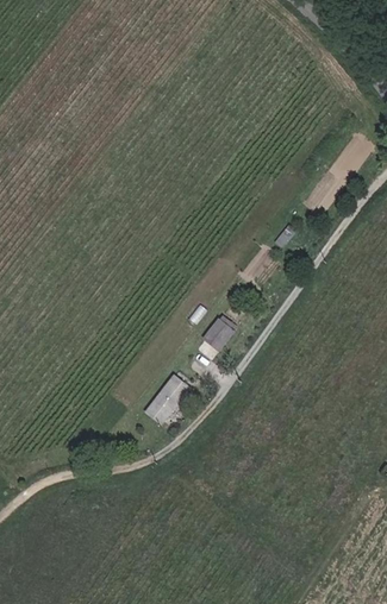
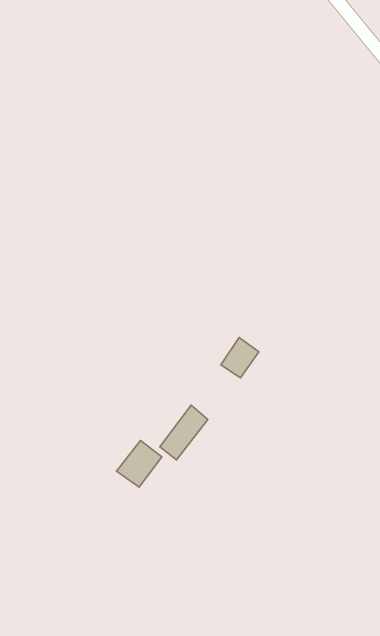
building: none -> [117,440,162,487]

